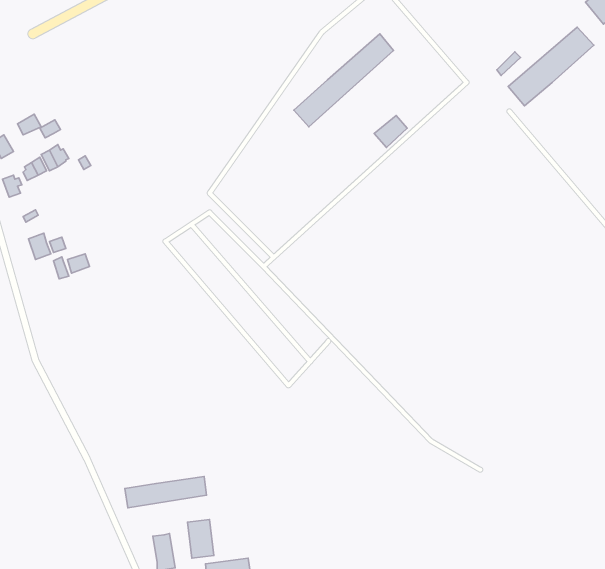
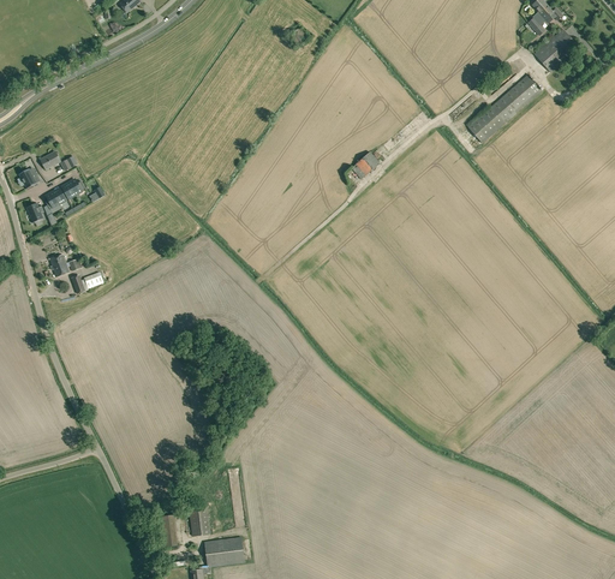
building: [294,34,393,127] -> none
building: [125,477,206,508] -> none

